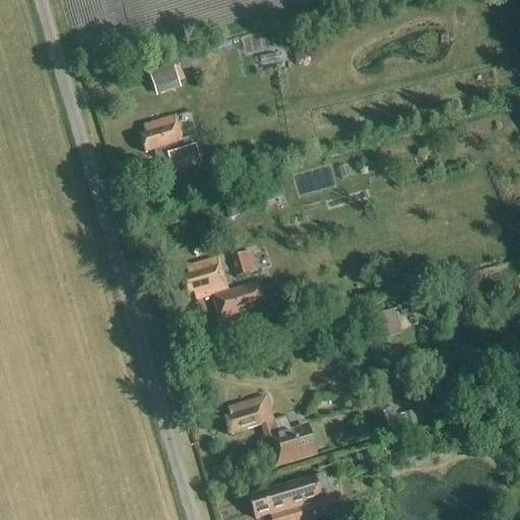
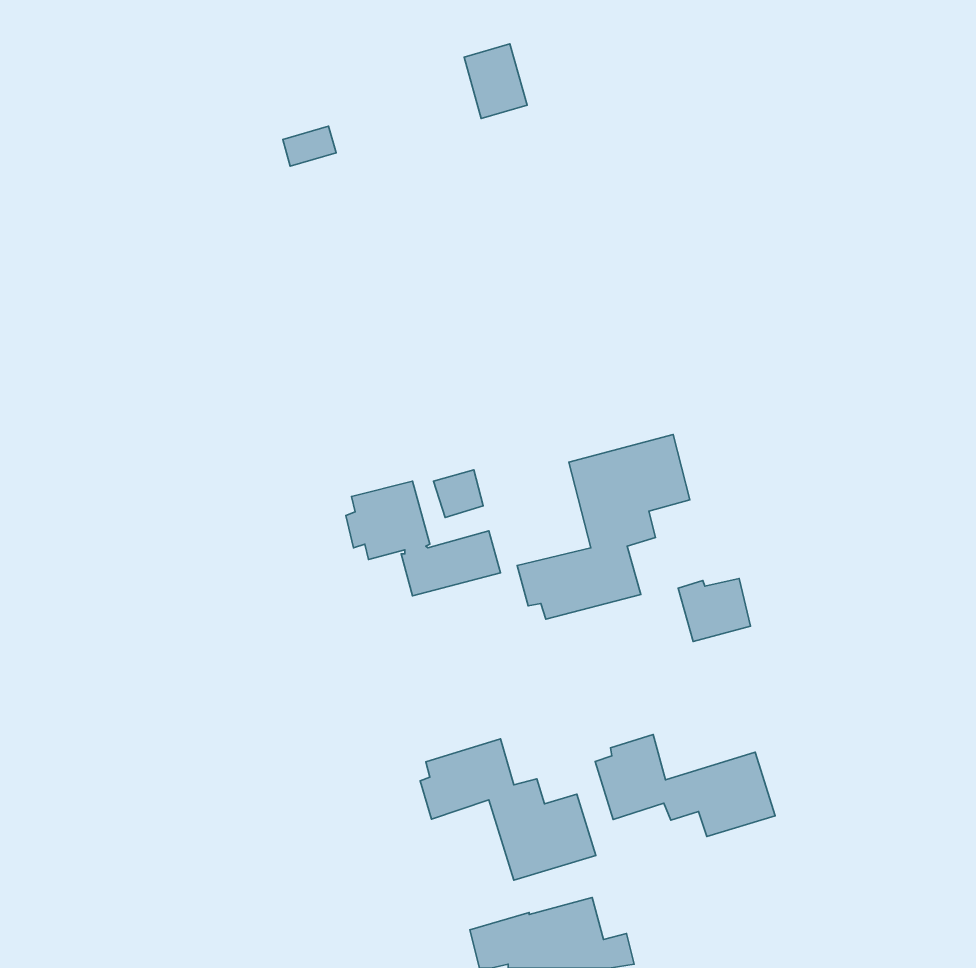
building: [141,115,200,171] -> none
building: none -> [517,435,690,619]
building: none -> [595,735,775,837]

